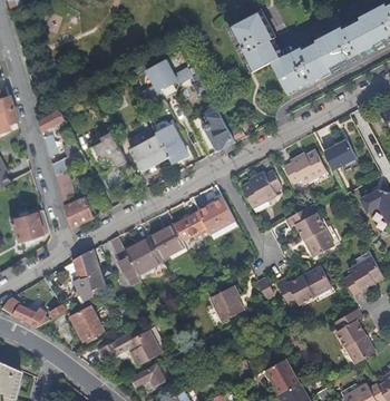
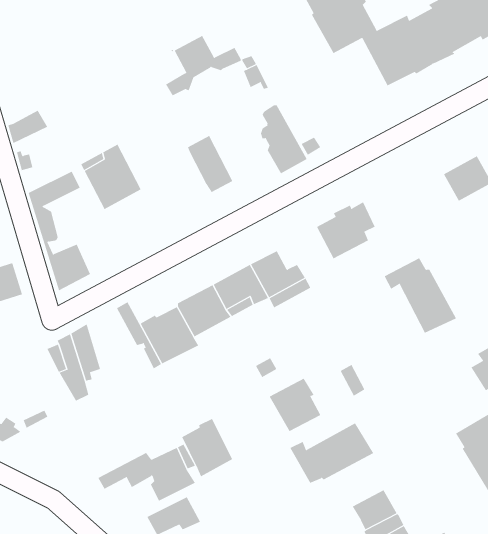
building: [131,136,169,170] -> none
building: [284,148,326,182] -> none
building: [276,264,332,304] -> [290,423,374,484]
building: [69,306,103,341] -> none
building: none -> [182,418,233,477]

